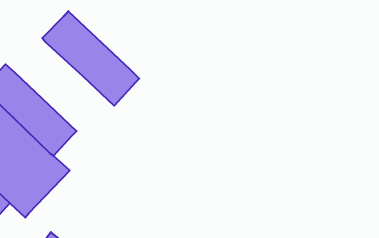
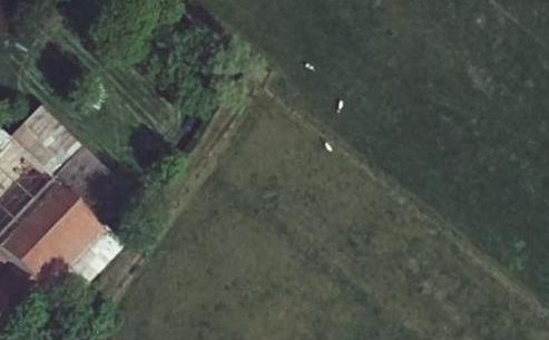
building: [42,11,139,106] -> none

